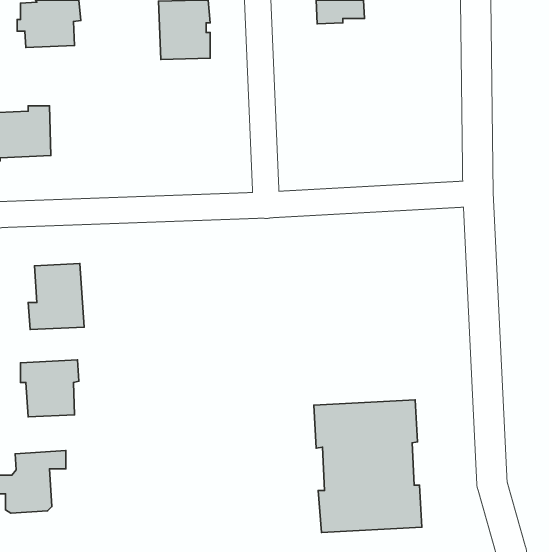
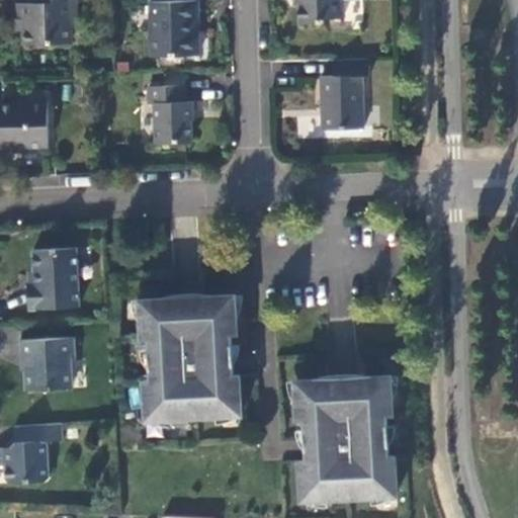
building: none -> [321,58,368,128]
building: none -> [147,85,192,144]
building: none -> [140,294,241,419]

